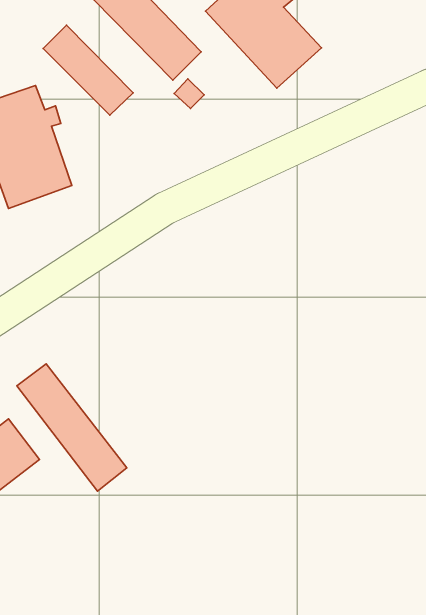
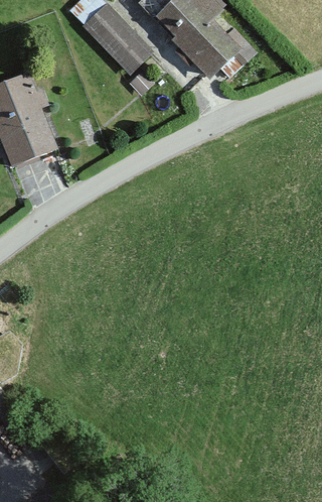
building: [43,25,133,115] -> none
building: [17,364,127,491] -> none

